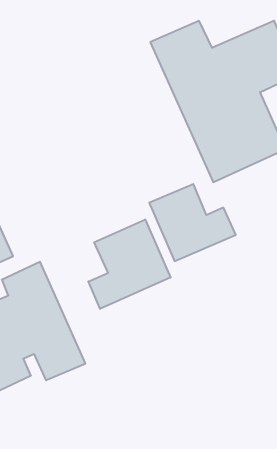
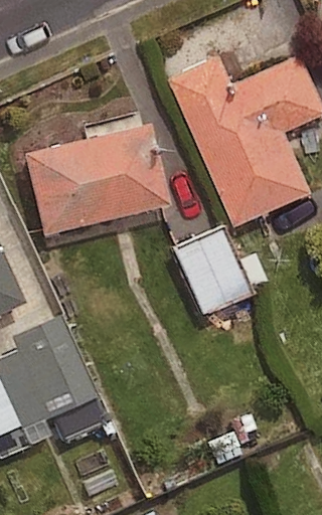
building: none -> [26,125,172,237]
building: [88,219,171,309] -> none

